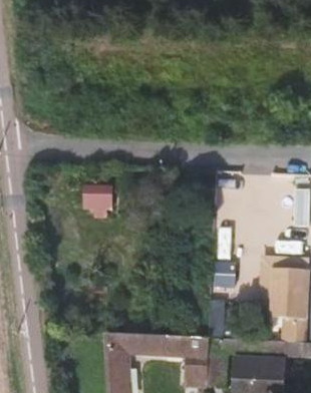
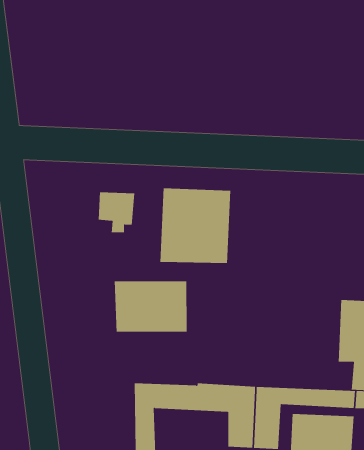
building: none -> [160,187,231,264]
building: none -> [114,281,187,333]

